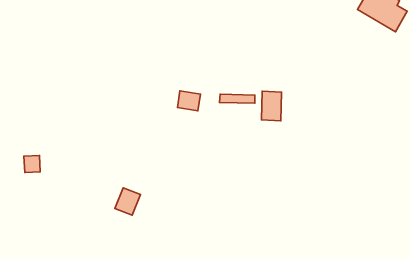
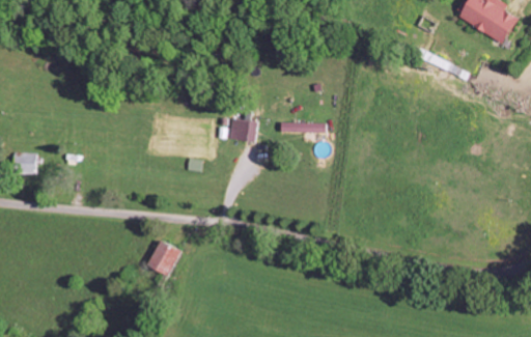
building: [262,91,282,121] -> none
building: [24,155,40,173] -> [16,153,36,175]

